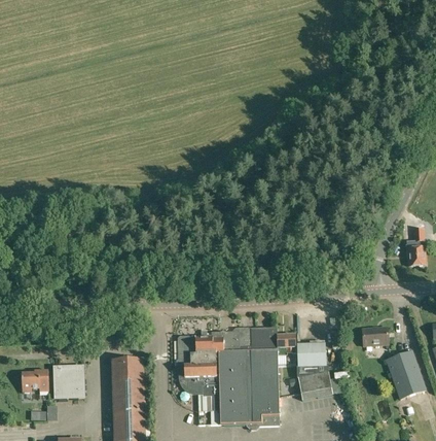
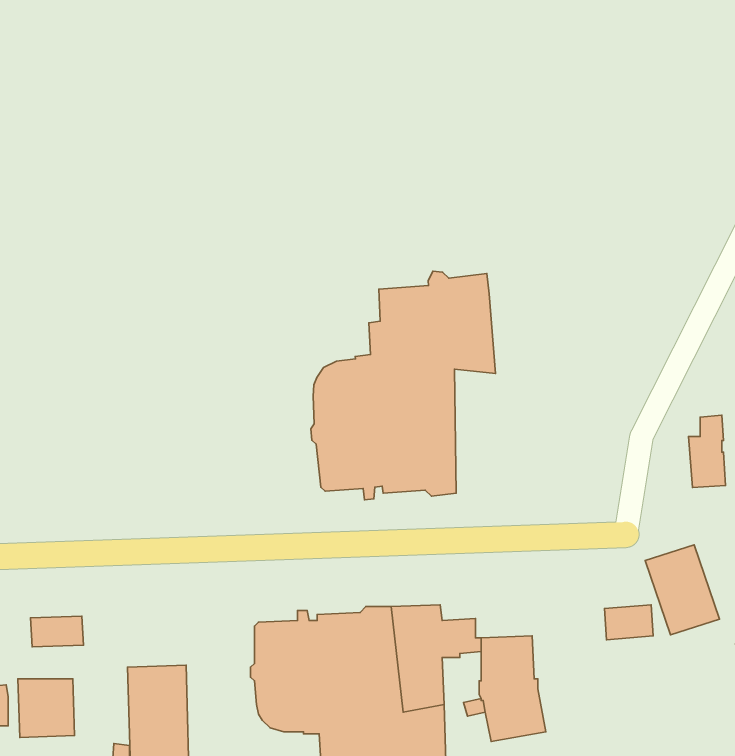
building: none -> [311,271,496,500]
building: none -> [31,616,84,647]
building: [386,350,425,398] -> [645,545,719,635]

